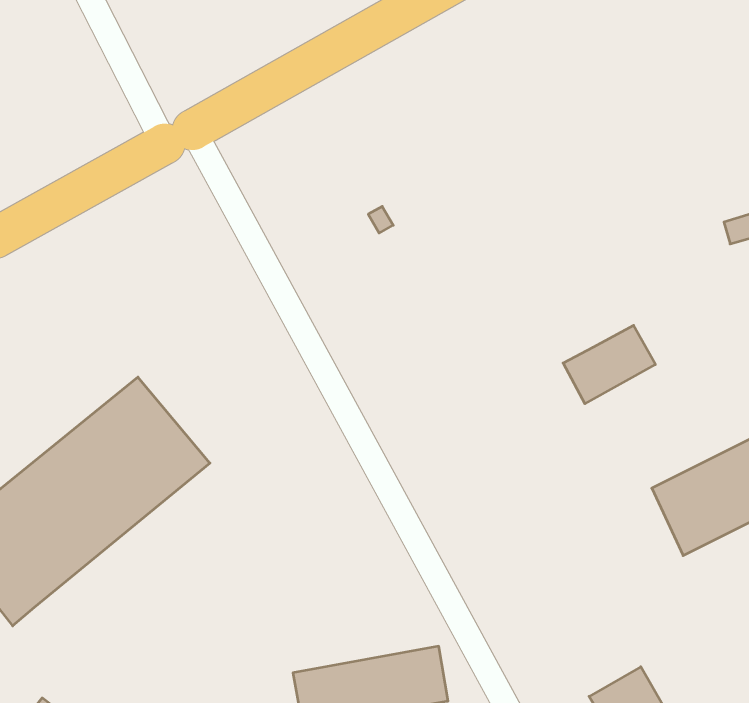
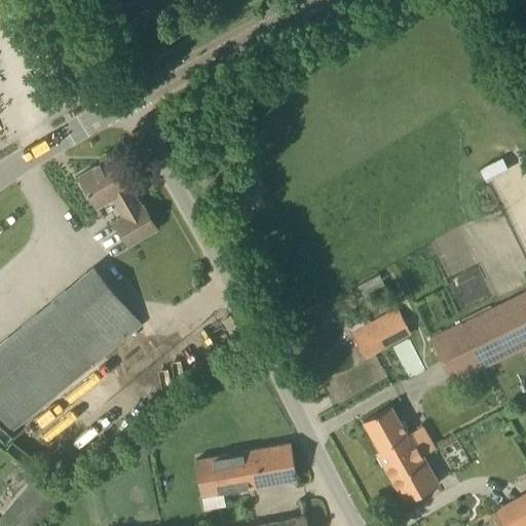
building: none -> [79,157,156,248]
building: [563,325,655,404] -> [350,309,411,361]
building: none -> [363,407,435,478]

